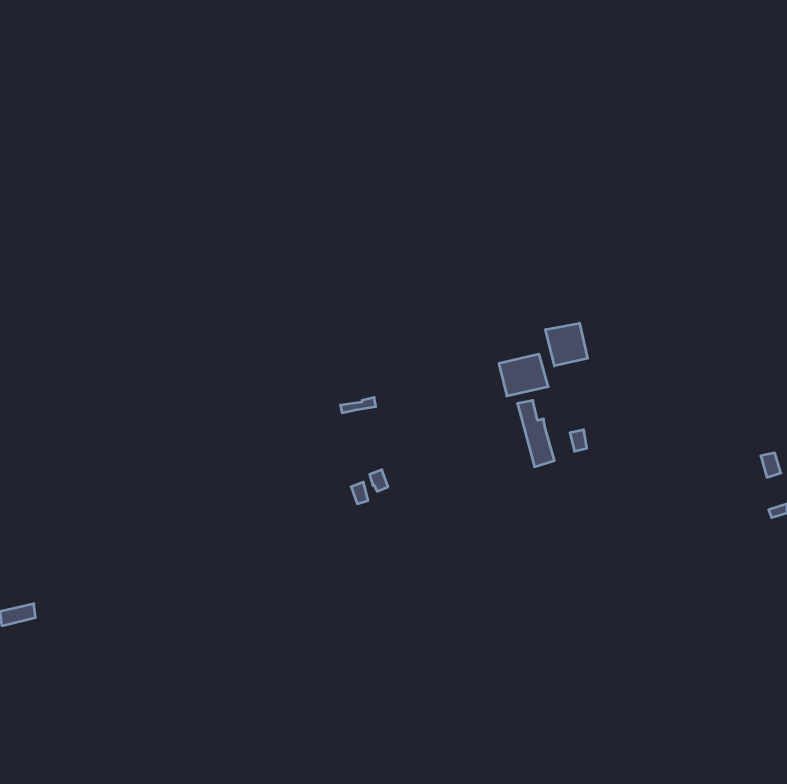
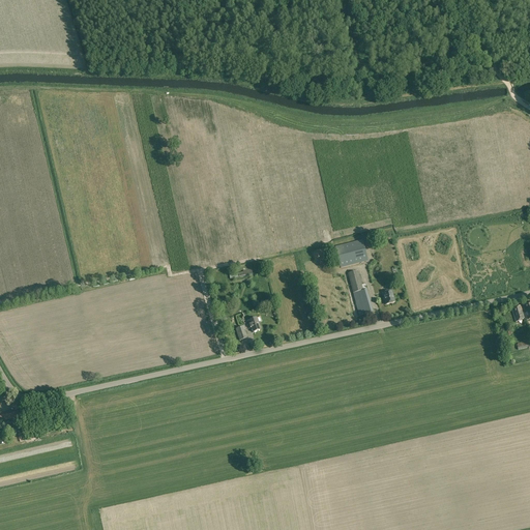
building: [546,323,588,366] -> none

